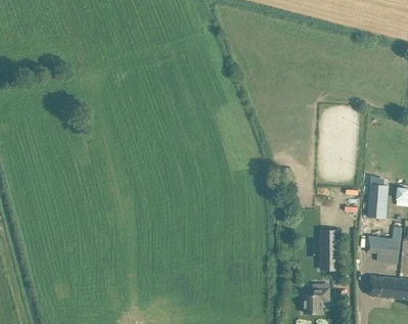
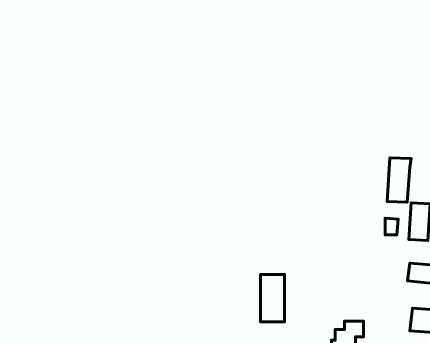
building: none -> [387,158,411,202]
building: [319,229,339,270] -> [261,274,284,322]

